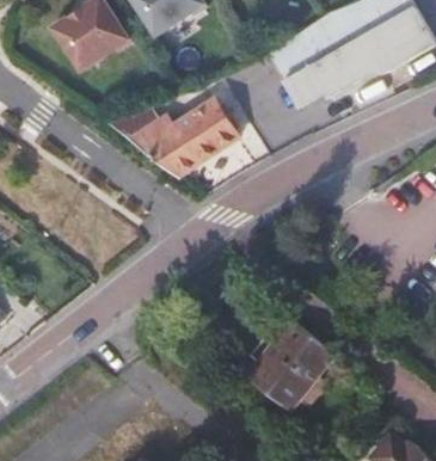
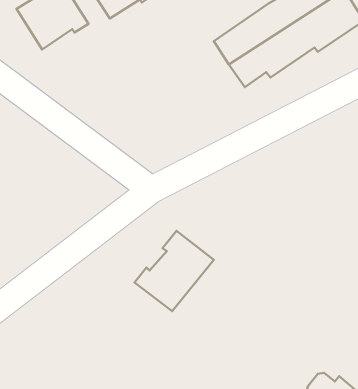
building: [130,98,238,173] -> none
building: [248,320,337,410] -> [135,231,214,311]

